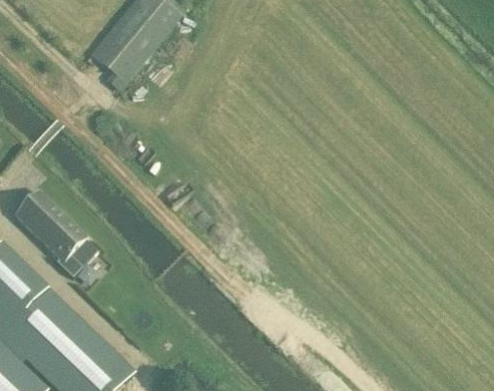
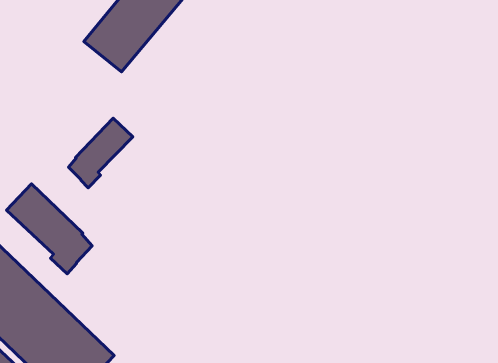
building: none -> [69,118,133,188]

